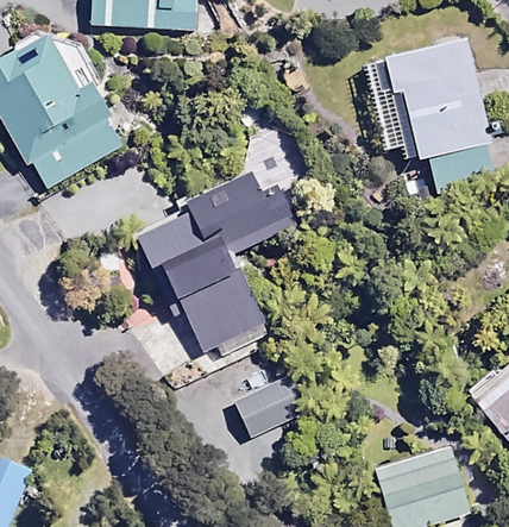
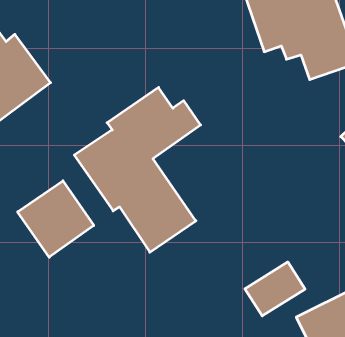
building: none -> [18,181,94,257]
building: [235,376,307,435] -> [245,262,305,316]

